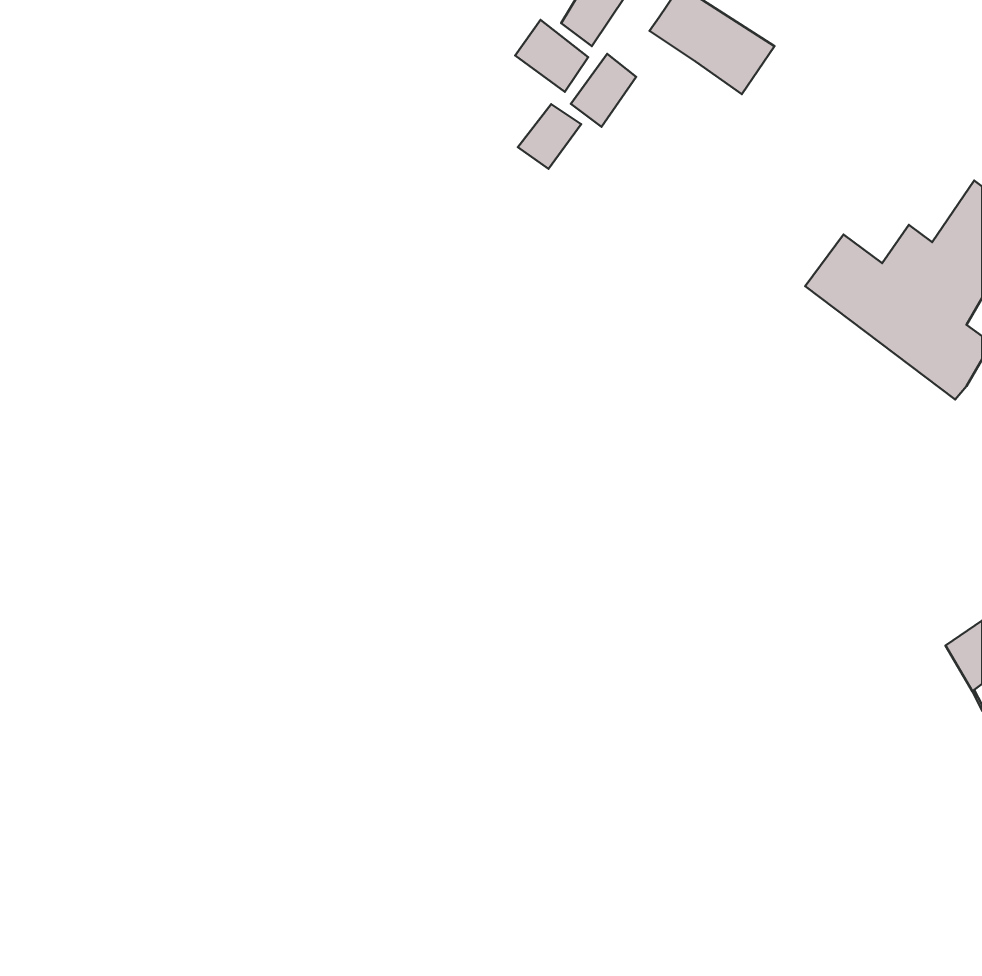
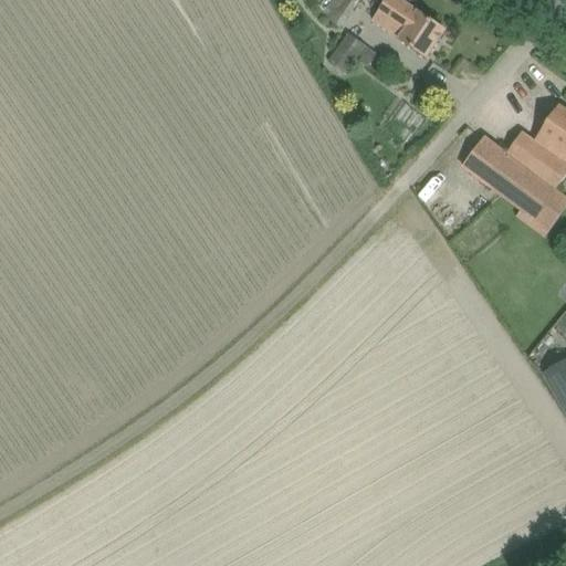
building: [515,20,588,92] -> none
building: [518,104,581,169] -> none

